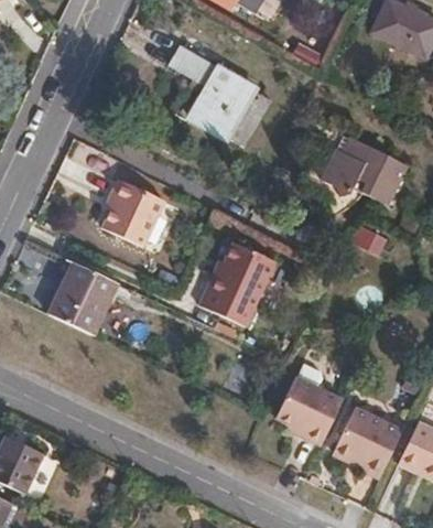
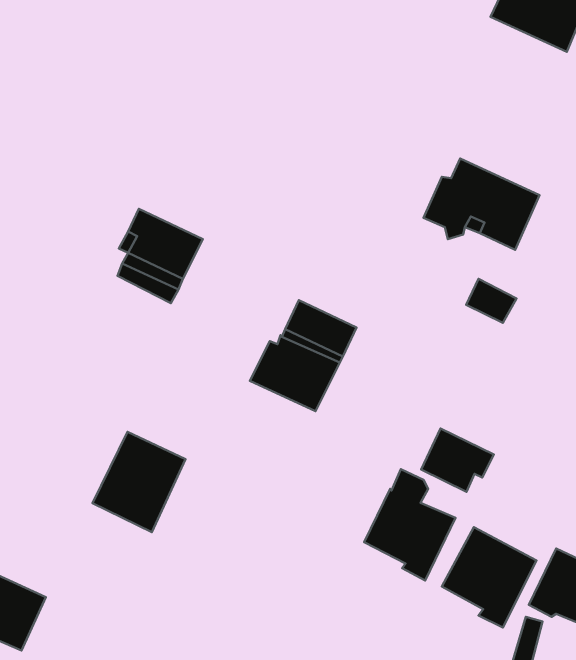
building: [170,47,270,144] -> none
building: [50,263,117,336] -> [93,432,185,532]
building: none -> [421,428,494,492]

